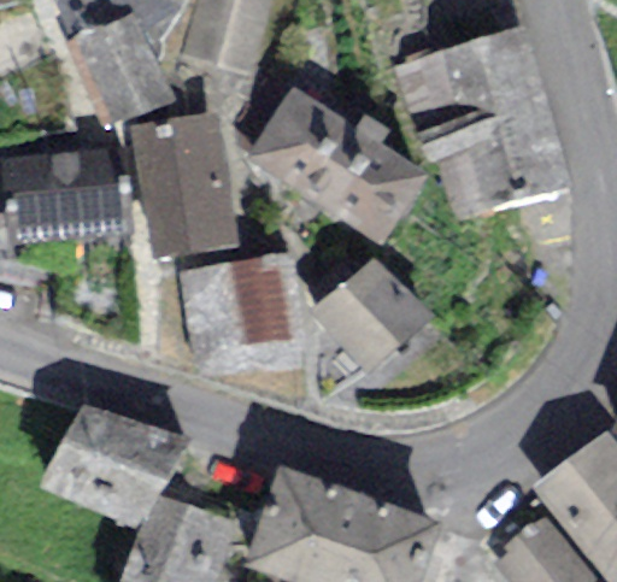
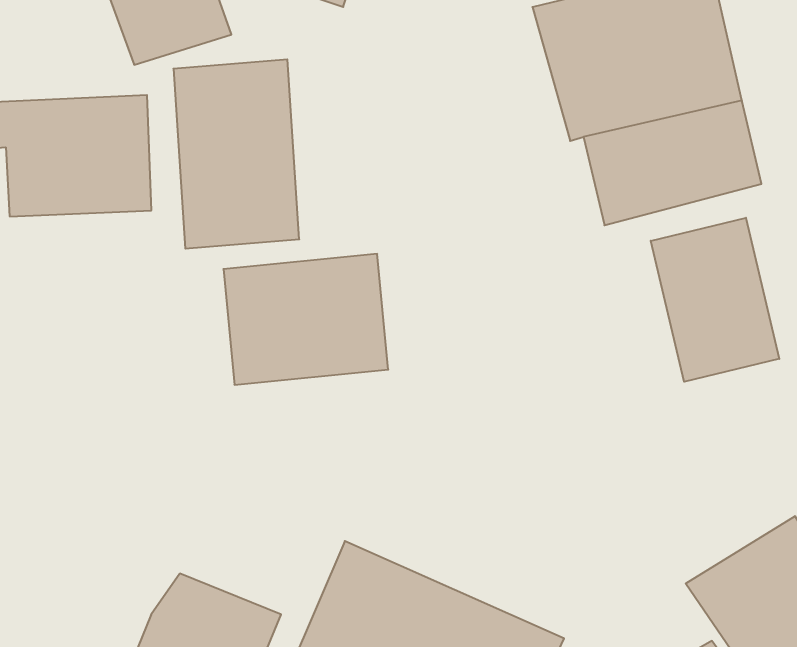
building: [243,87,425,245] -> none
building: none -> [651,218,779,382]
building: [307,255,433,372] -> none
building: [37,404,194,528] -> none

